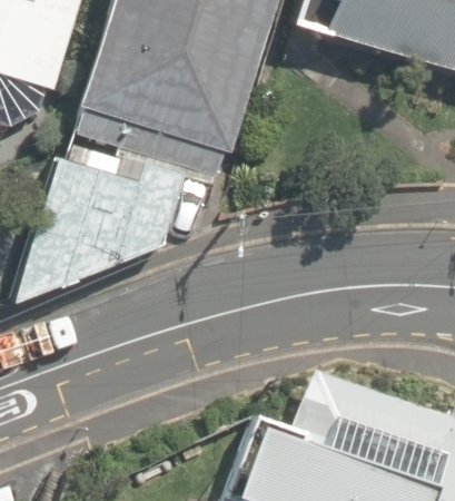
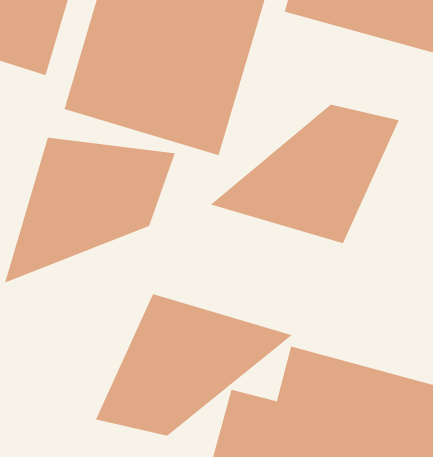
building: none -> [209,104,400,244]
building: none -> [95,293,293,436]

